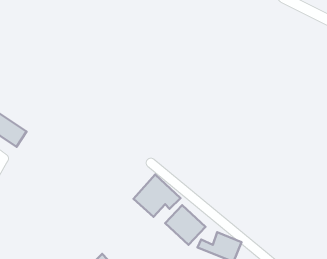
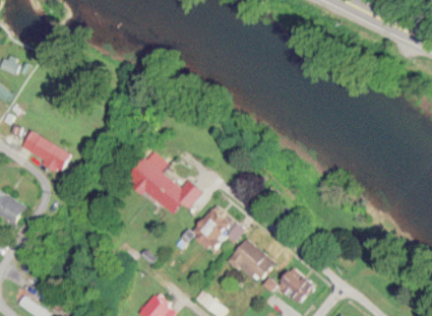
building: none -> [132,157,202,218]

